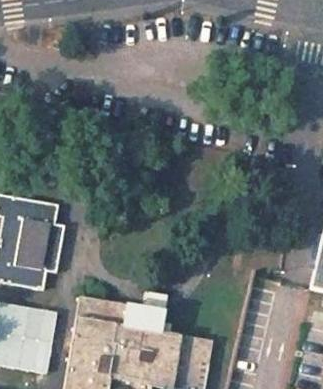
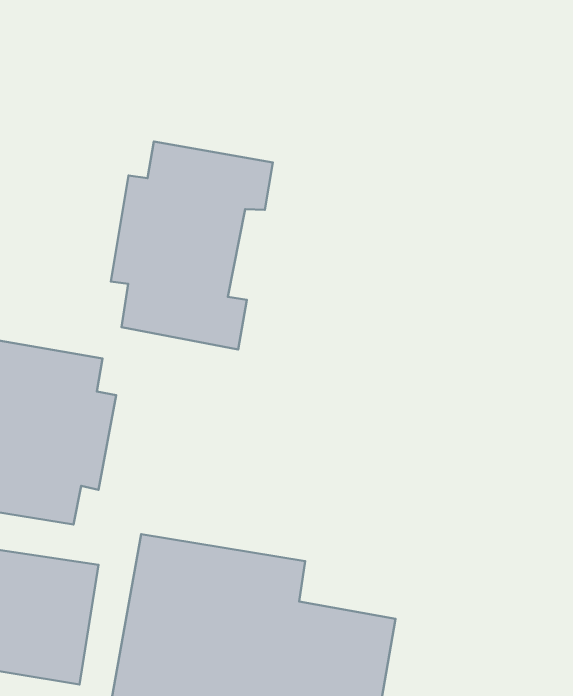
building: none -> [111,142,273,349]

